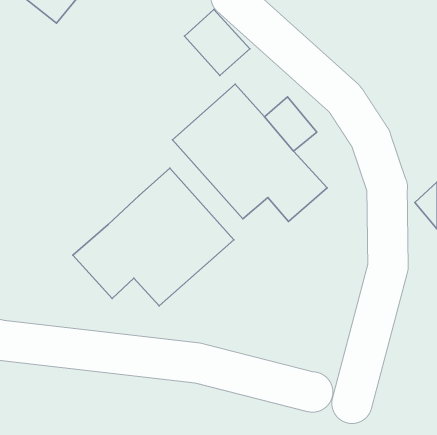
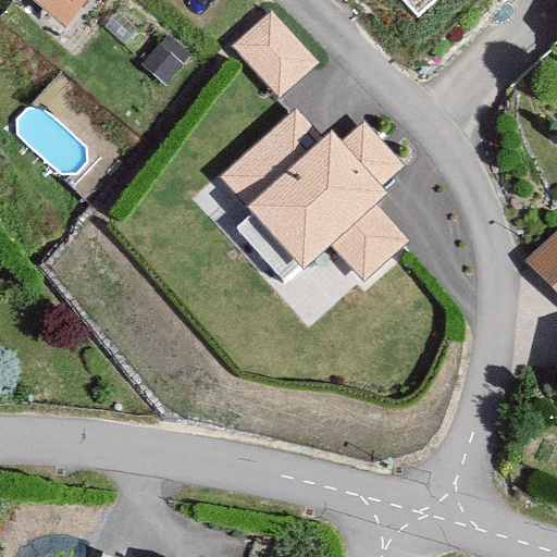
building: [73,168,234,306] -> none

